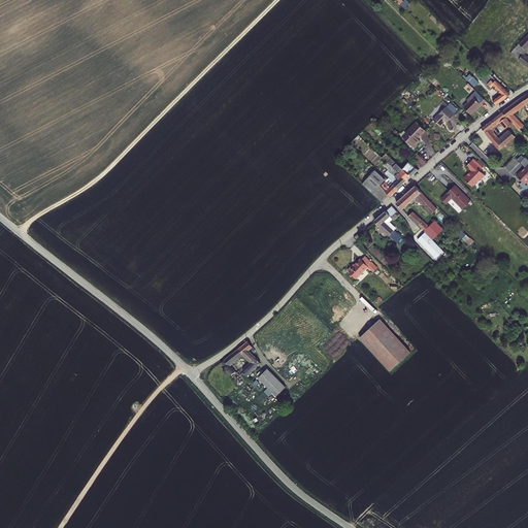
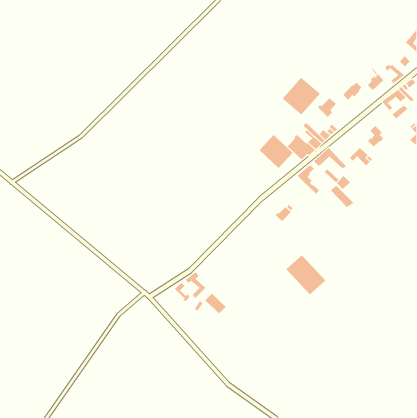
building: none -> [282,77,321,116]
building: none -> [259,134,293,169]

